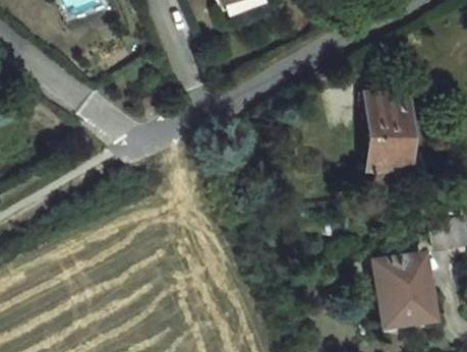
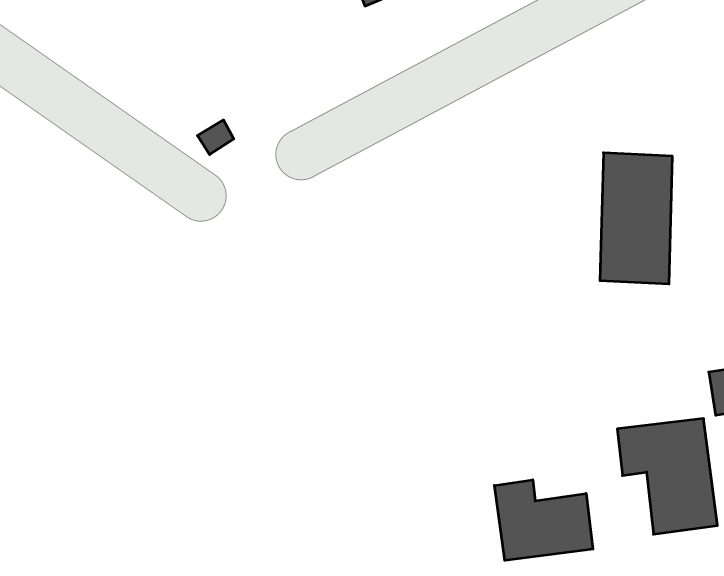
building: none -> [494,480,593,560]

